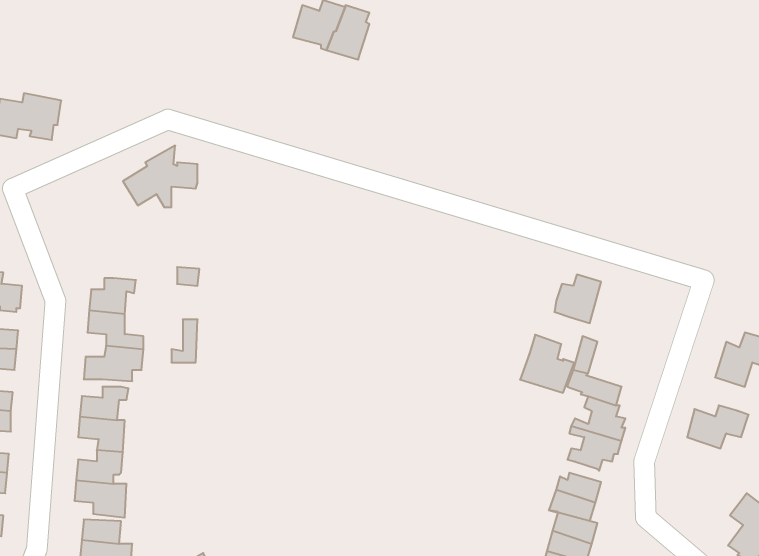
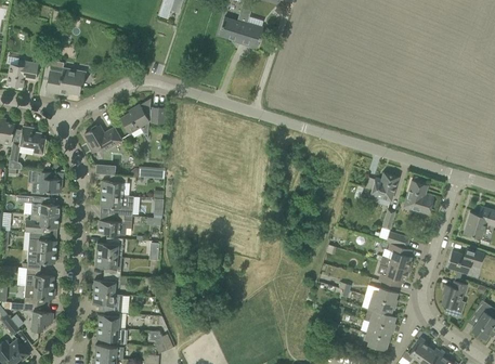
building: none -> [84,125,120,152]
building: [520,335,574,393] -> [403,180,434,213]
building: none -> [441,281,466,317]

